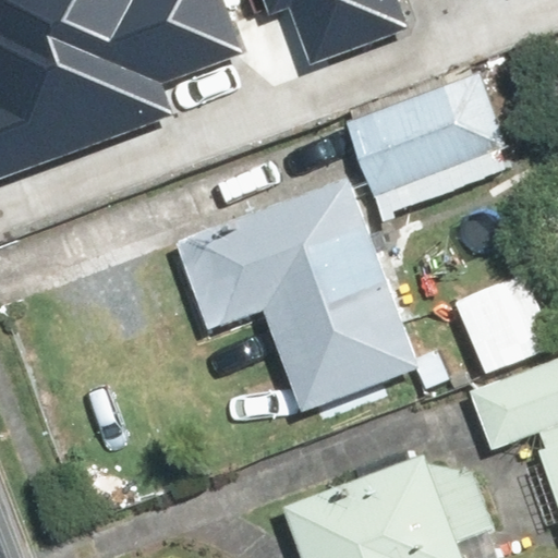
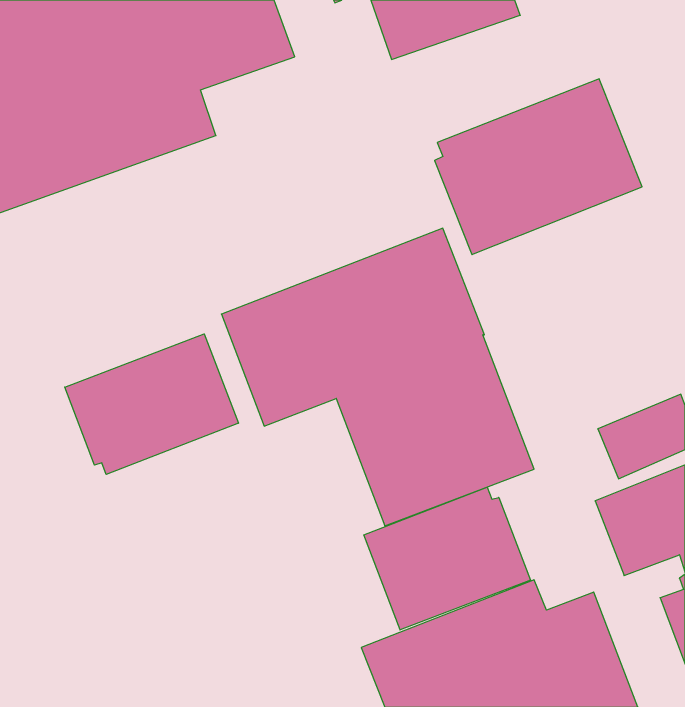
building: none -> [65,334,238,474]
building: none -> [364,487,530,630]

